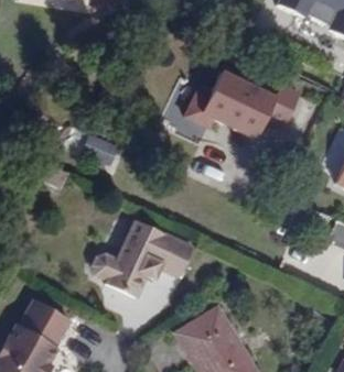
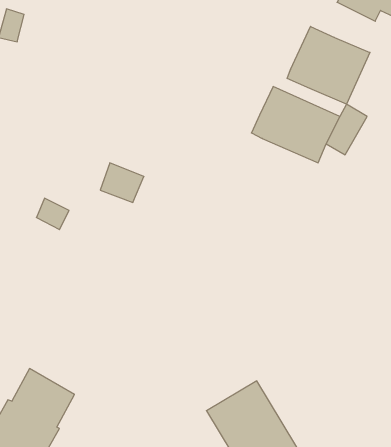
building: none -> [287,26,370,104]
building: [183,86,221,131] -> none
building: [94,221,194,300] -> none

